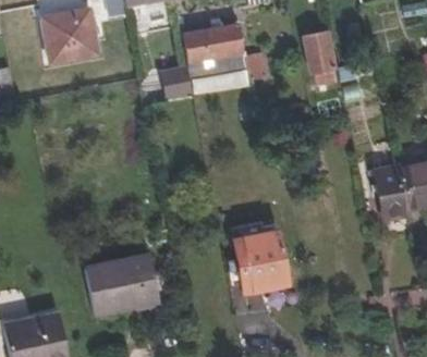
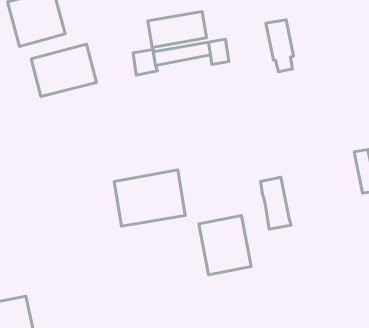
building: none -> [31,44,96,96]
building: [375,168,406,221] -> [260,177,291,229]
building: [84,249,157,307] -> [114,170,185,226]

